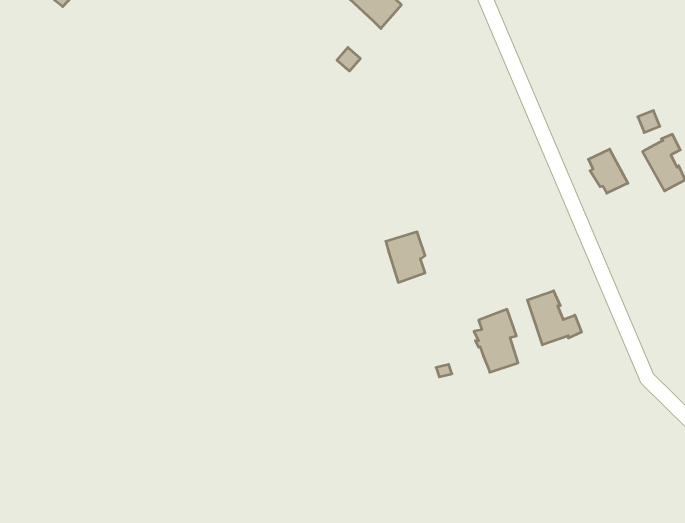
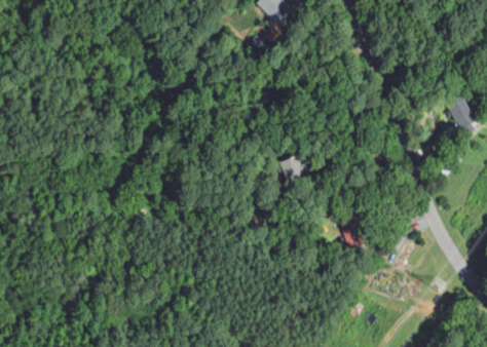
building: [588,149,628,193] -> none
building: [527,291,581,345] -> none

